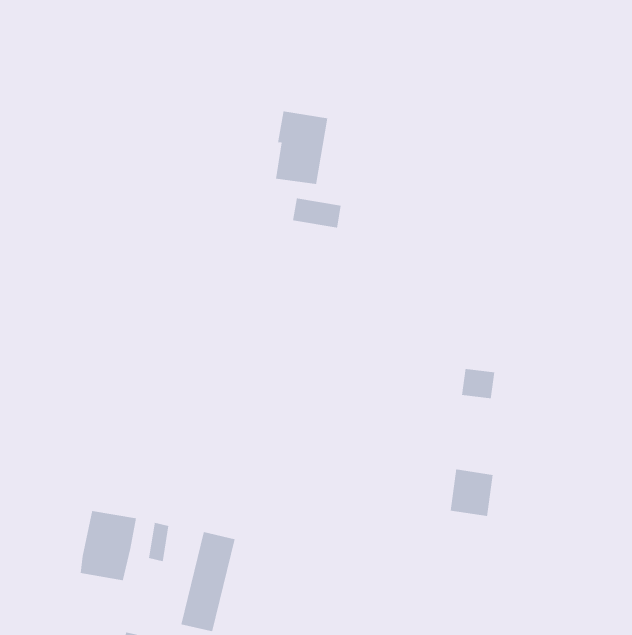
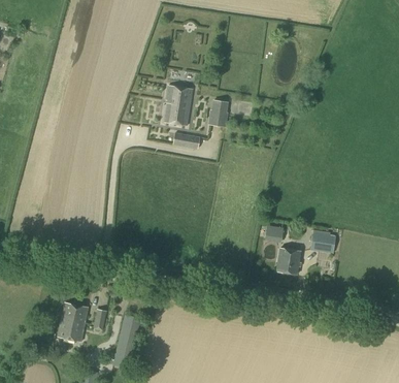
building: none -> [208,99,228,127]
building: none -> [310,232,336,253]
building: [450,469,493,516] -> [276,248,300,274]

